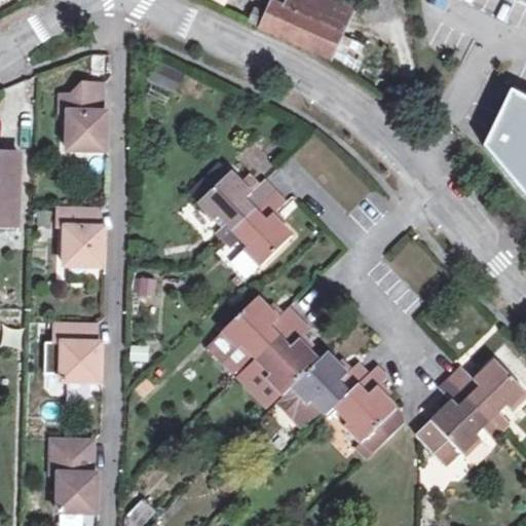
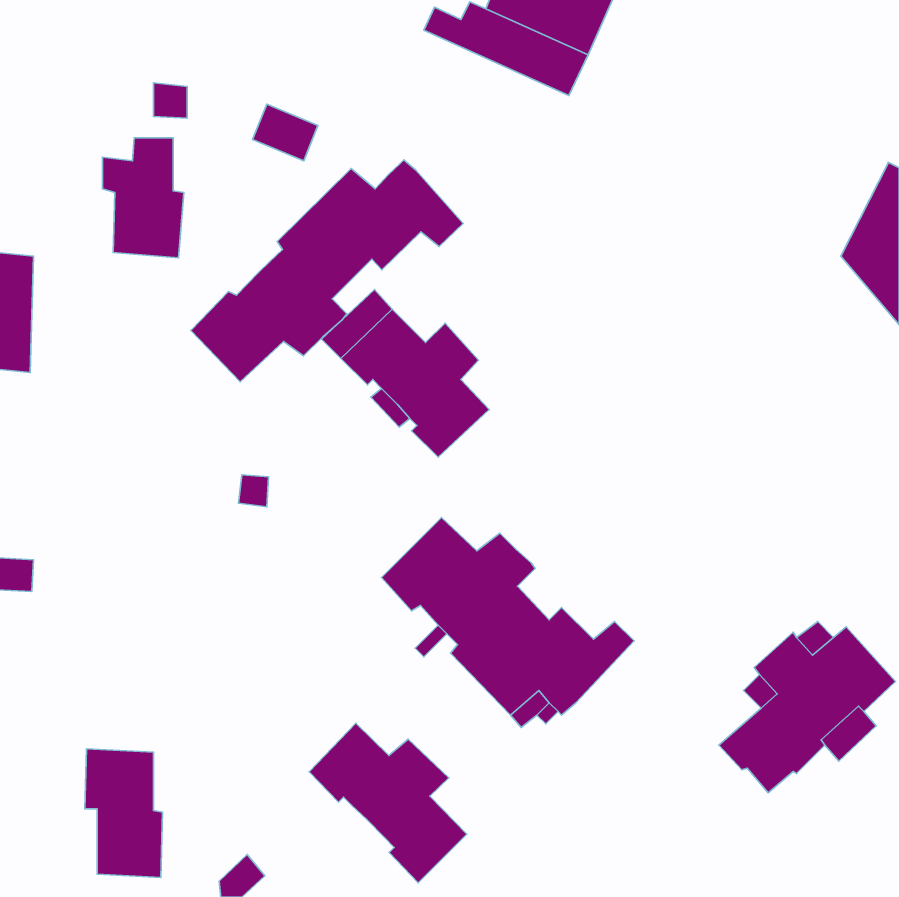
building: none -> [191,160,463,382]
building: [57,204,103,265] -> none
building: [52,320,100,379] -> none
building: [335,368,403,454] -> none
building: none -> [309,723,467,883]

